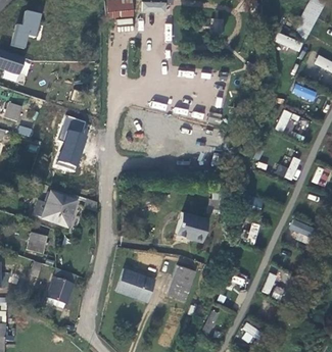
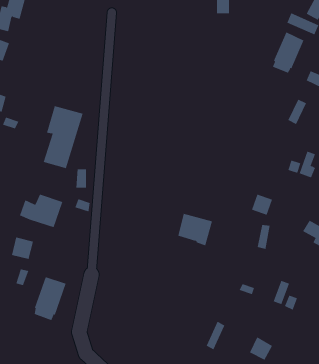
building: none -> [272,32,304,73]
building: [168,264,196,301] -> none
building: [116,267,155,301] -> none

